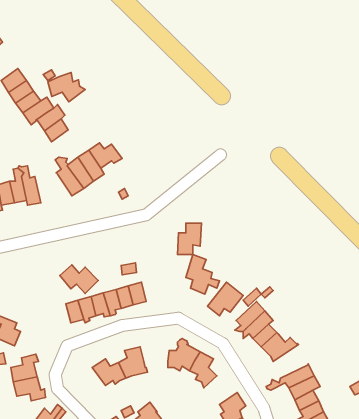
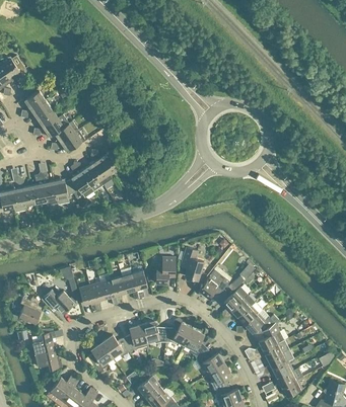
building: [48,73,85,102] -> none
building: none -> [52,178,81,203]
building: [177,223,201,255] -> [154,256,175,282]
building: [60,265,98,294] -> [41,289,73,313]
building: none -> [141,320,165,343]
building: none -> [244,322,283,357]
building: none -> [87,341,112,371]
building: none -> [195,348,223,373]

